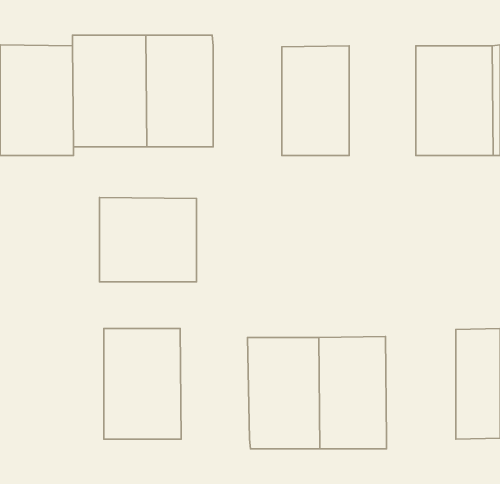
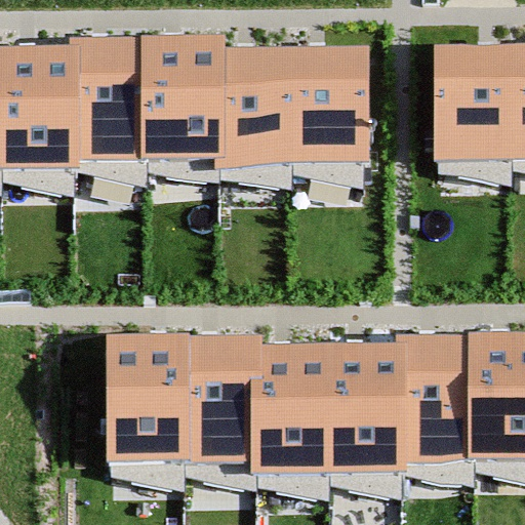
building: none -> [224,48,295,164]
building: [99,197,196,282] -> none
building: none -> [189,344,261,460]
building: none -> [404,346,478,460]

